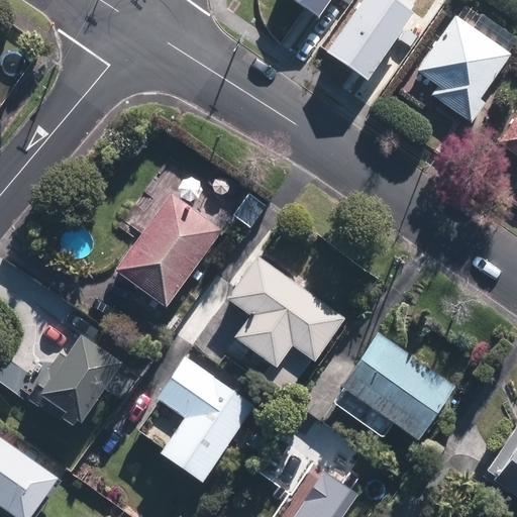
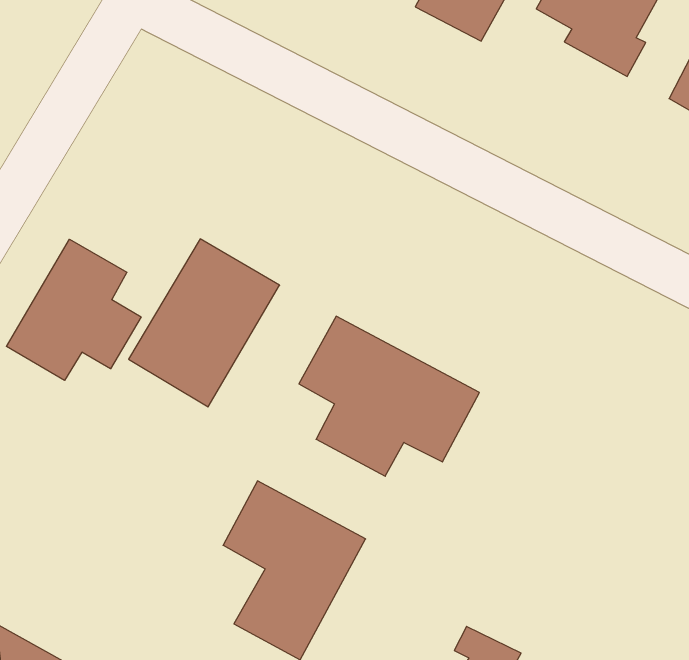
building: none -> [6,239,141,380]
building: [24,330,119,423] -> none
building: [339,334,454,442] -> none

